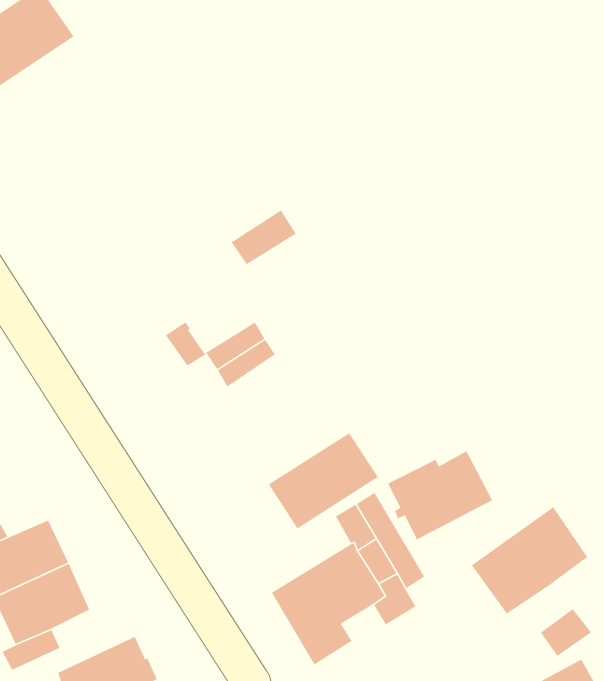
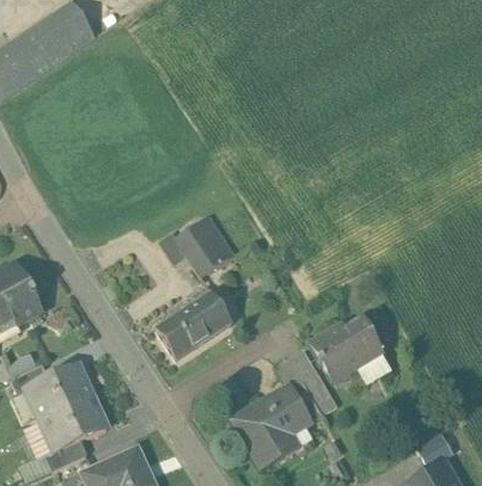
building: [231,209,297,265] -> [175,214,220,252]
building: [268,432,379,529] -> [155,291,232,358]
building: [471,506,588,614] -> none

